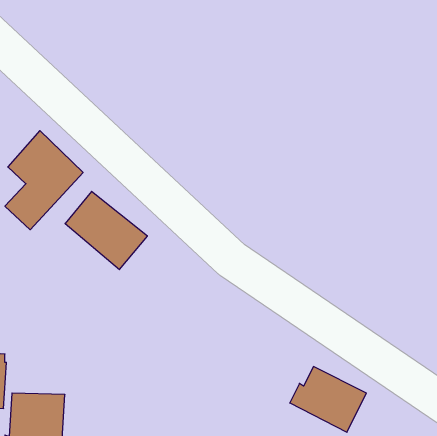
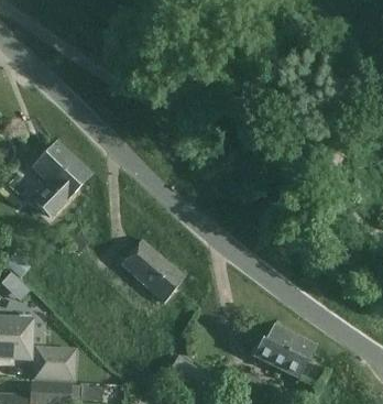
building: [65,191,147,270] -> [120,239,185,301]

